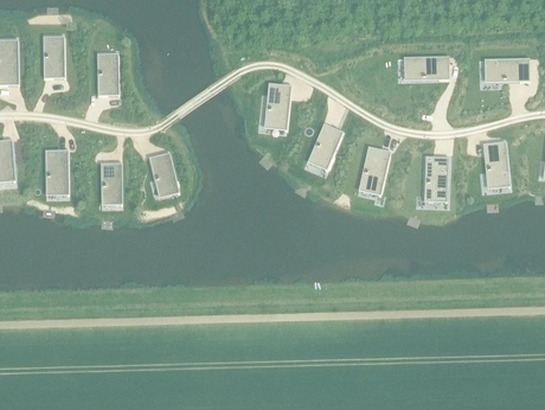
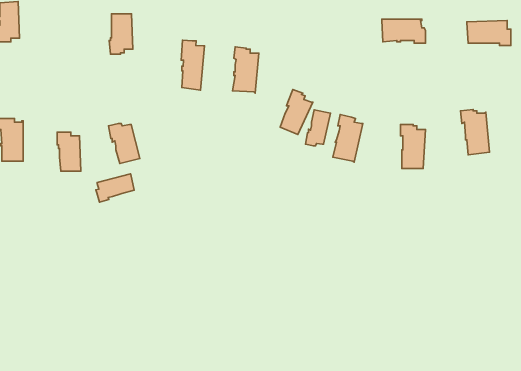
building: [96,58,118,96] -> [109,14,133,54]
building: none -> [181,40,205,90]
building: none -> [305,110,330,146]
building: none -> [96,174,134,202]

